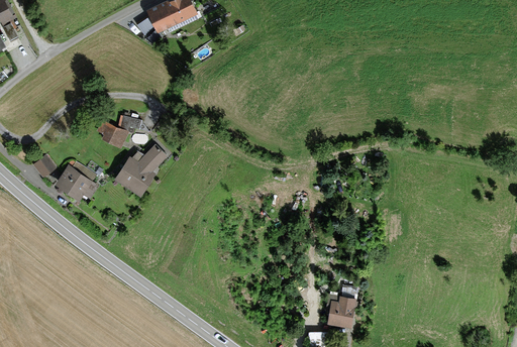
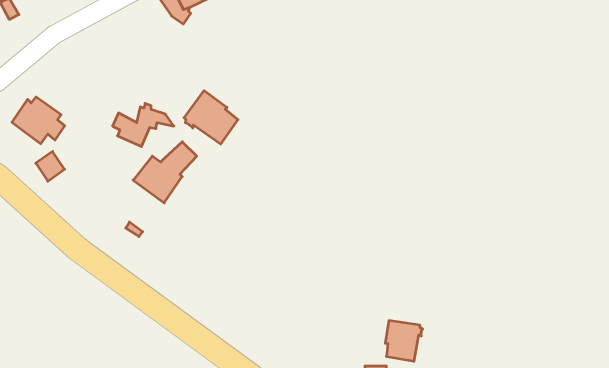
building: none -> [184,91,238,144]
building: [55,159,99,199] -> [12,97,65,144]

